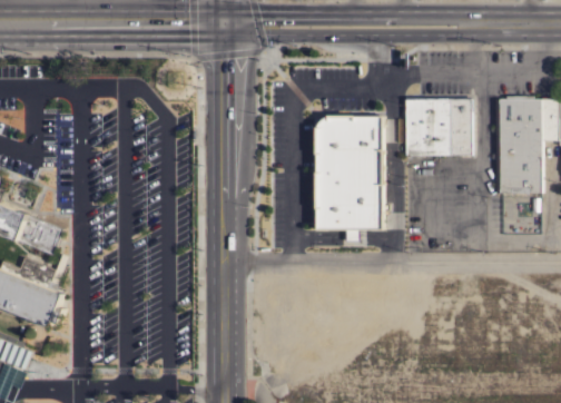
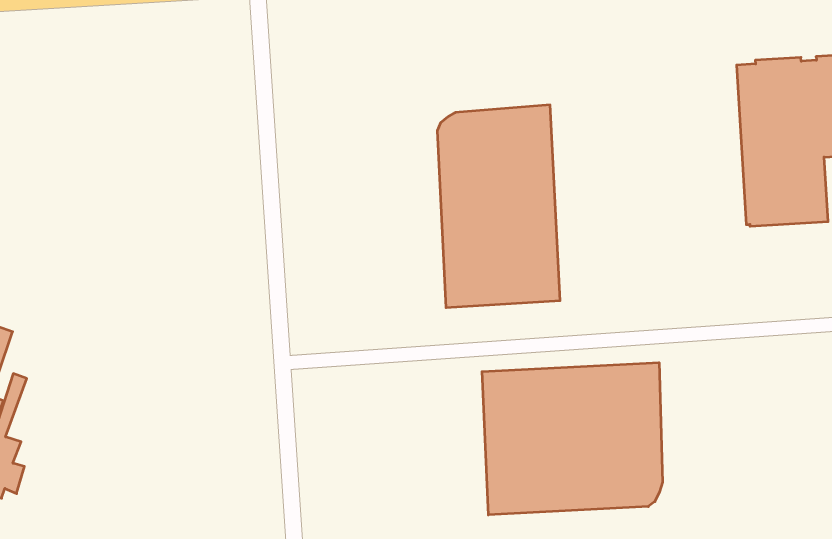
building: [402,96,469,155] -> none
building: none -> [482,363,663,515]

